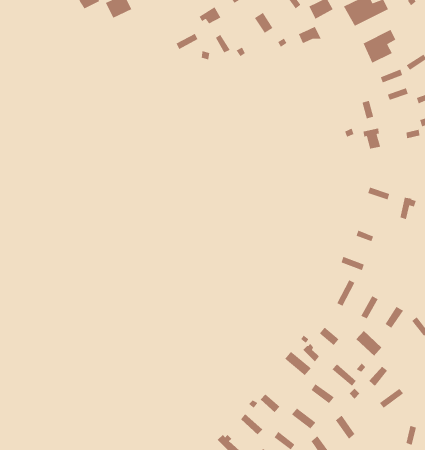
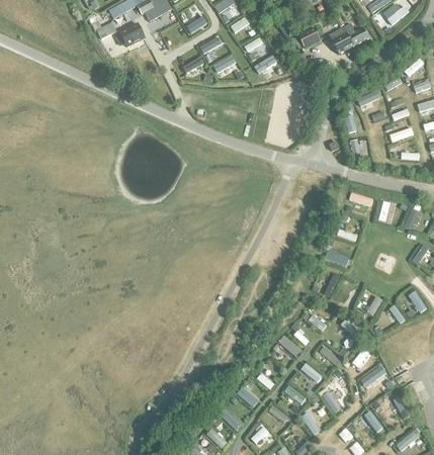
building: [362,29,396,64] -> none

